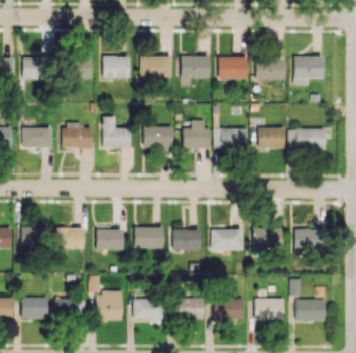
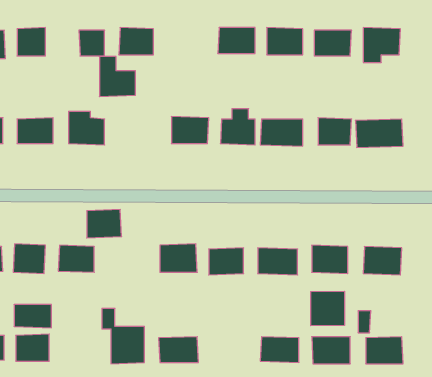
building: [141,56,172,78] -> none
building: [103,117,131,148] -> [99,57,135,97]
building: [97,228,124,250] -> [87,210,122,238]
building: none -> [311,291,344,326]
building: [174,298,204,319] -> none
building: [55,299,85,317] -> [14,305,51,328]

